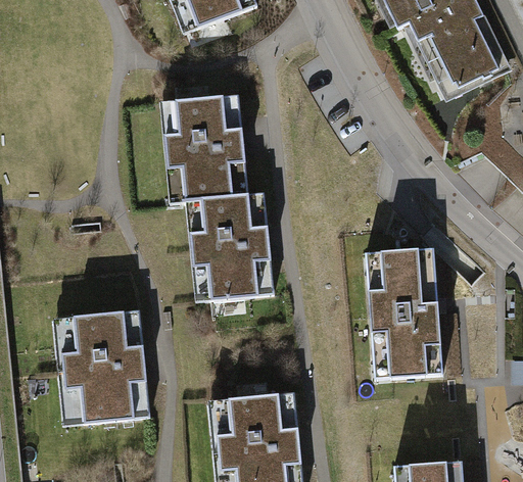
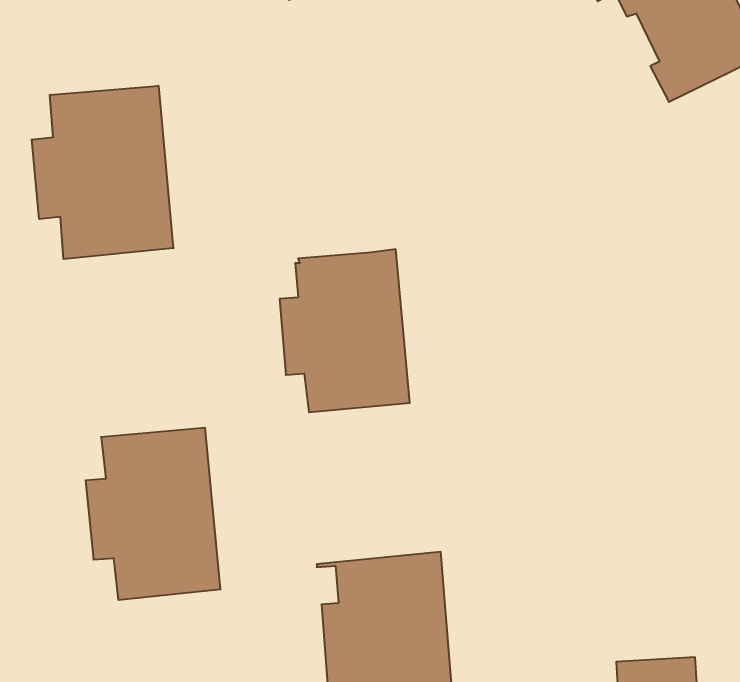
building: none -> [32,86,173,259]
building: [160,94,247,202] -> none
building: [365,248,441,377] -> none

